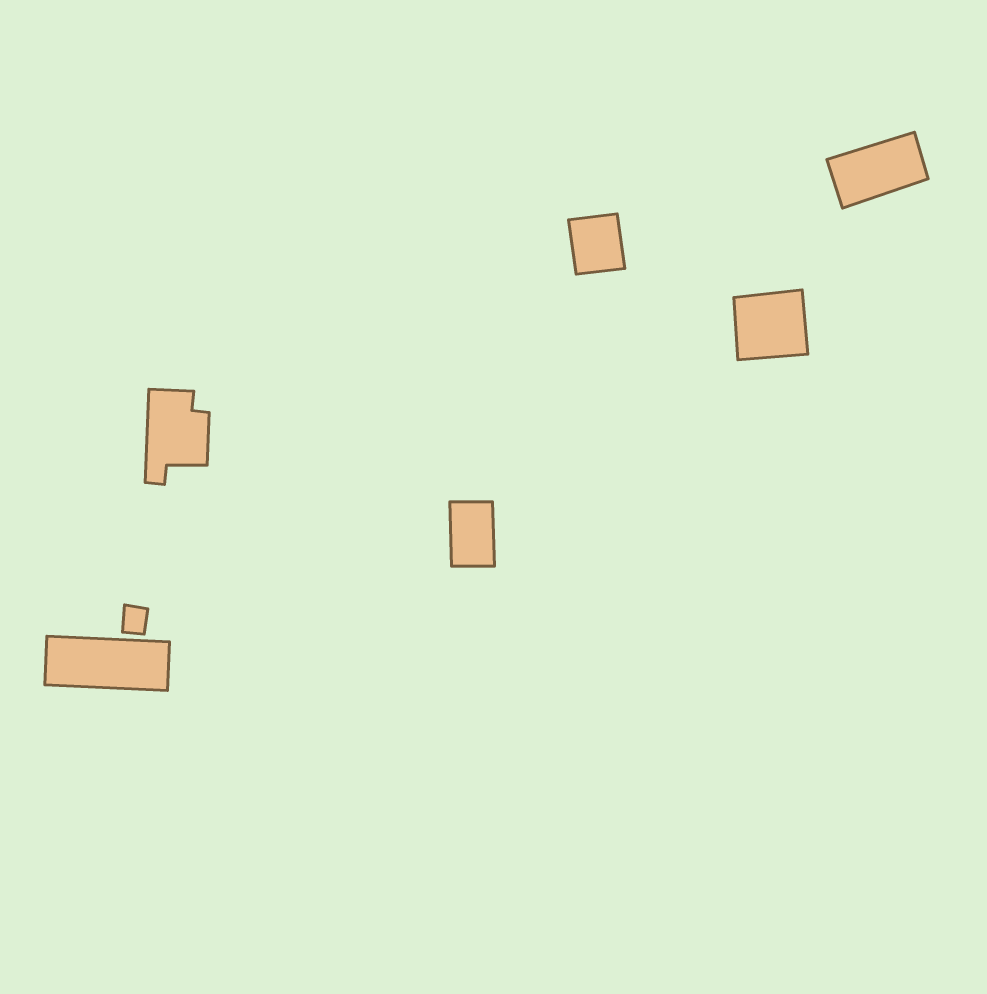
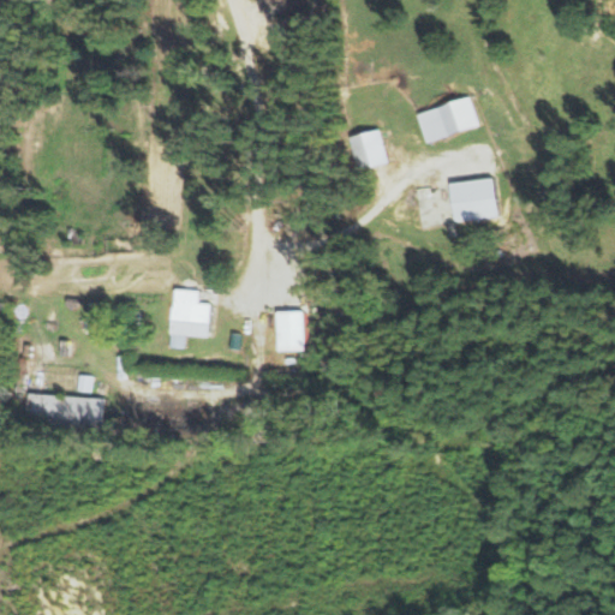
building: [827,132,928,208] -> [416,97,478,144]
building: [145,389,209,485] -> [169,288,209,347]

